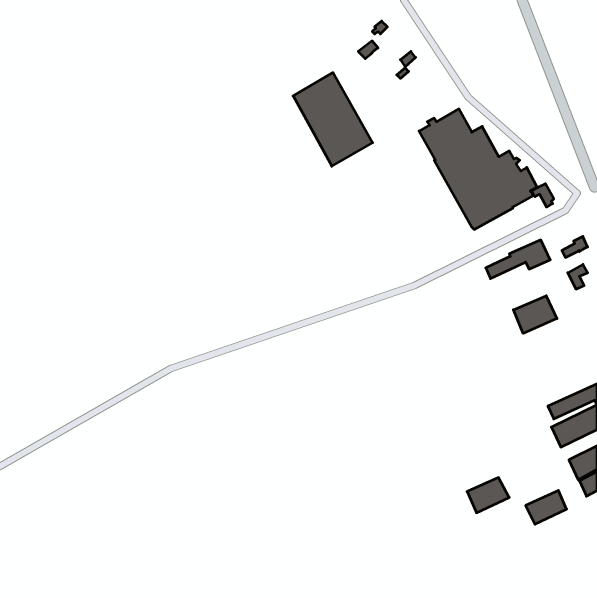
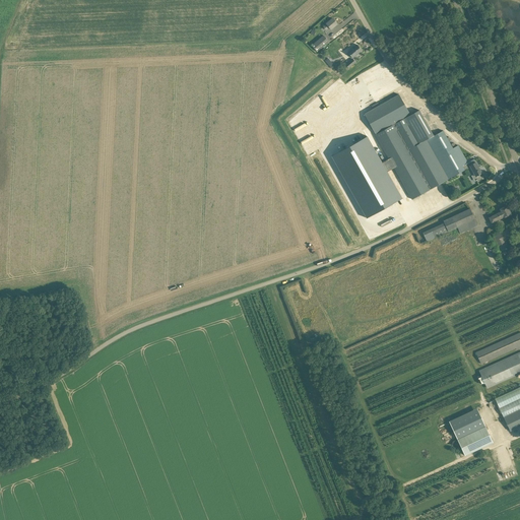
building: [293,73,373,166] -> [334,134,403,215]
building: [513,296,557,333] -> none
building: [467,478,509,513] -> [448,408,484,439]

